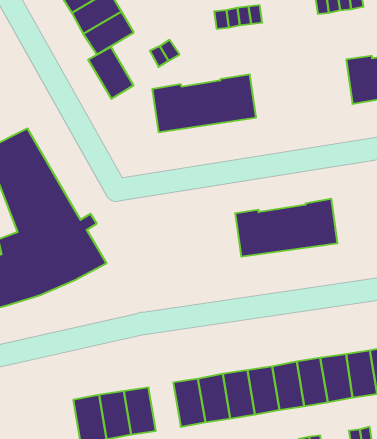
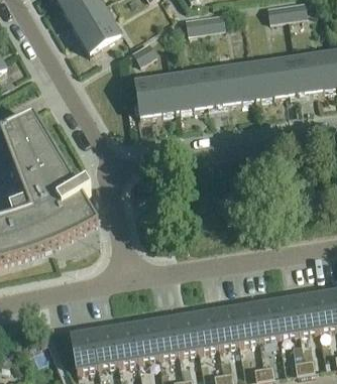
building: [88,47,133,99] -> none
building: [235,199,338,257] -> [215,56,299,104]
building: none -> [132,321,158,360]

